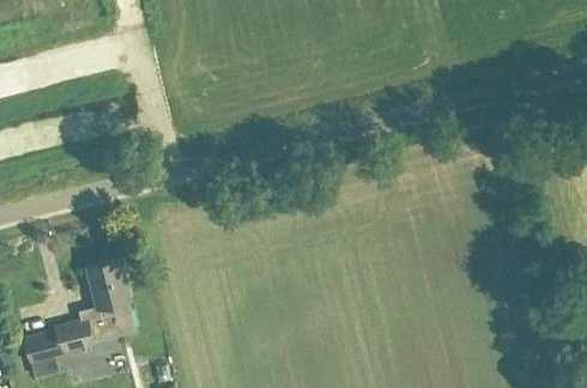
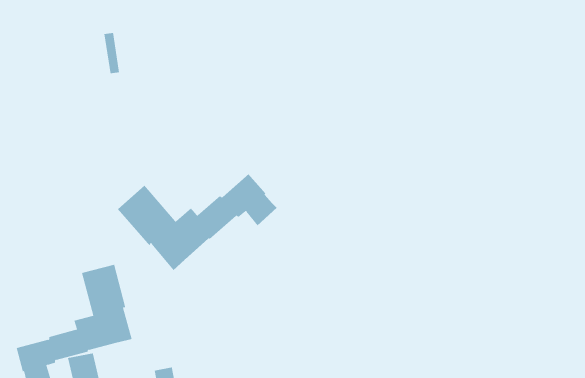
building: none -> [117,173,277,271]

